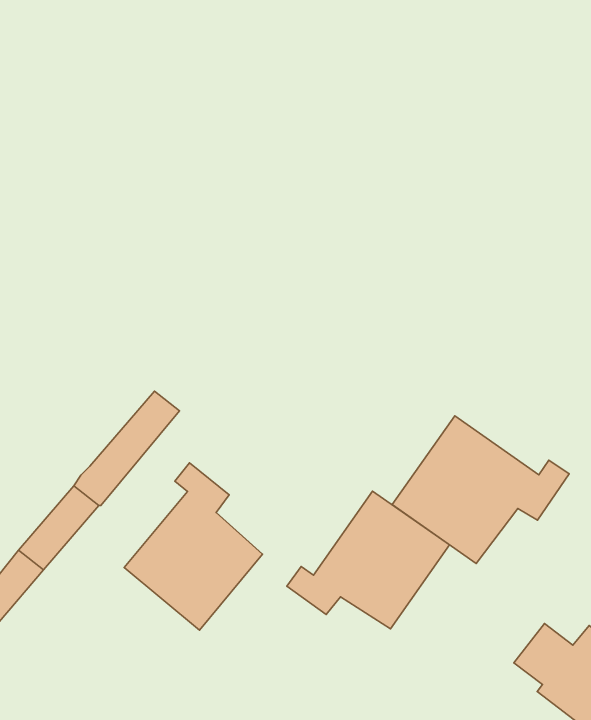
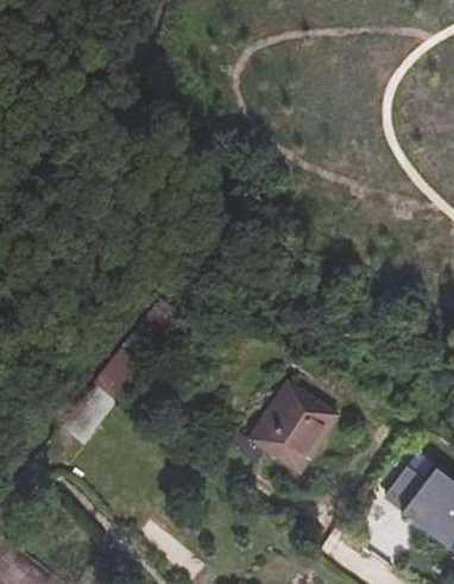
building: [392,416,569,564] -> none
building: [124,463,263,630] -> none

